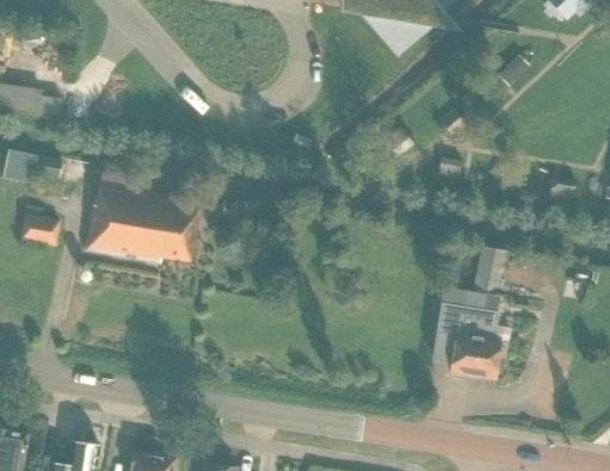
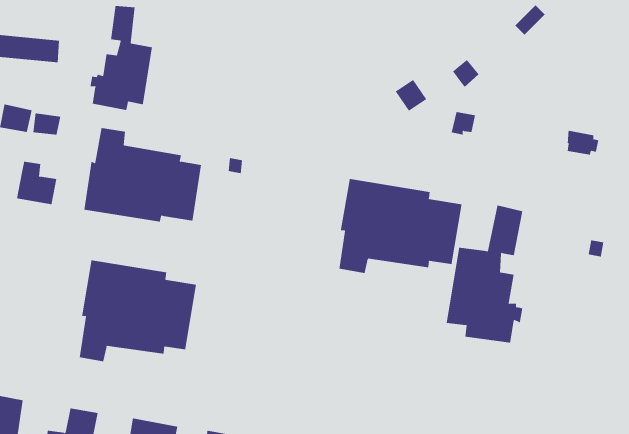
building: none -> [90,5,153,111]
building: none -> [339,178,462,274]
building: none -> [79,259,197,362]

